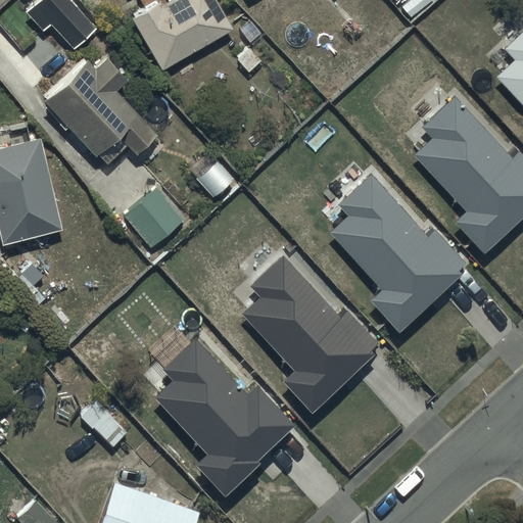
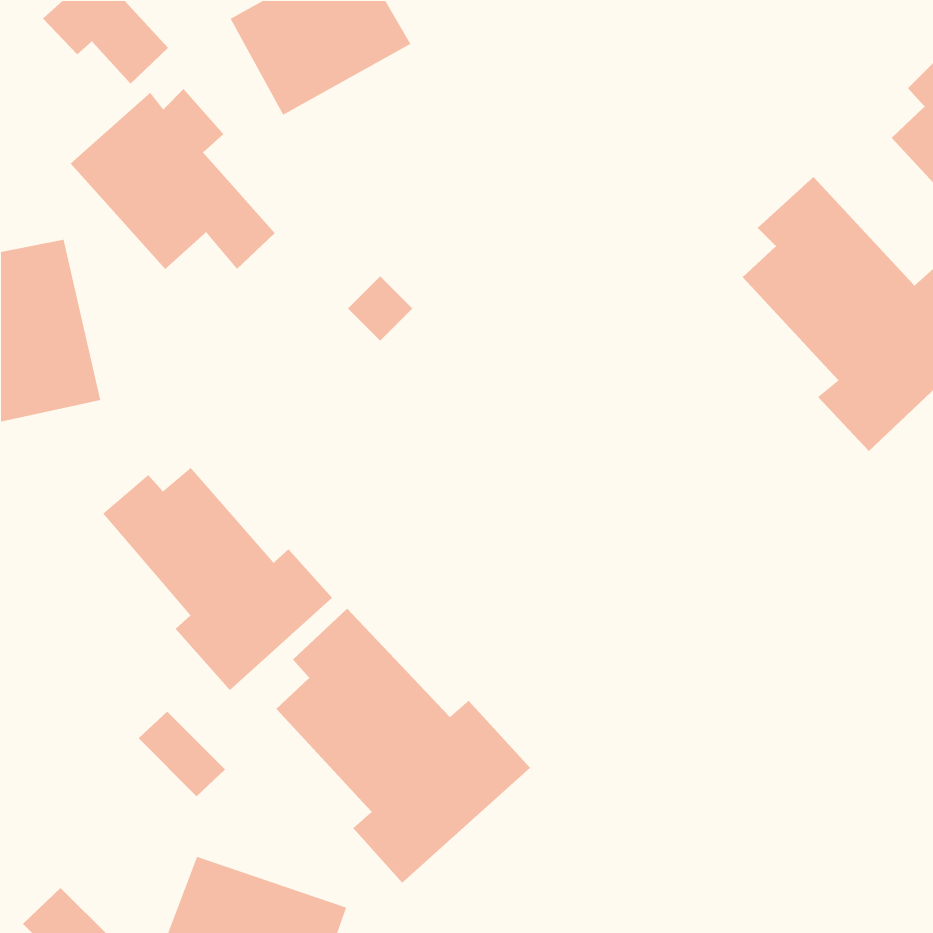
building: [331,178,472,331] -> none
building: [123,187,183,248] -> none
building: [242,262,383,416] -> none
building: none -> [102,467,333,691]

